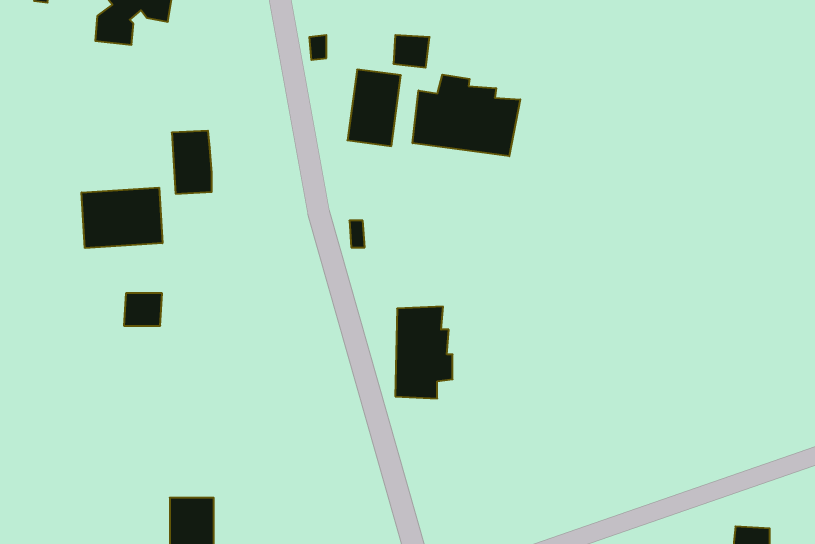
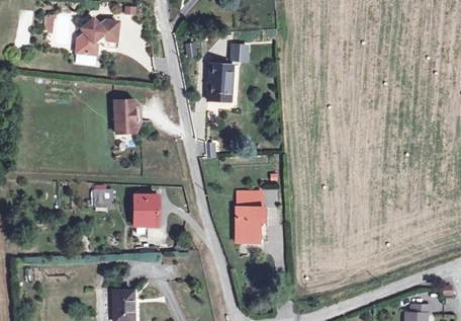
building: [413,75,520,156] -> none
building: [82,188,162,248] -> none
building: none -> [130,190,155,224]

